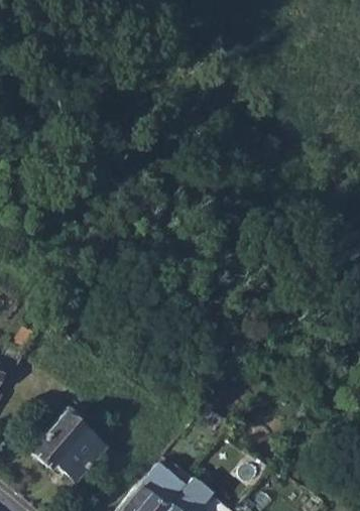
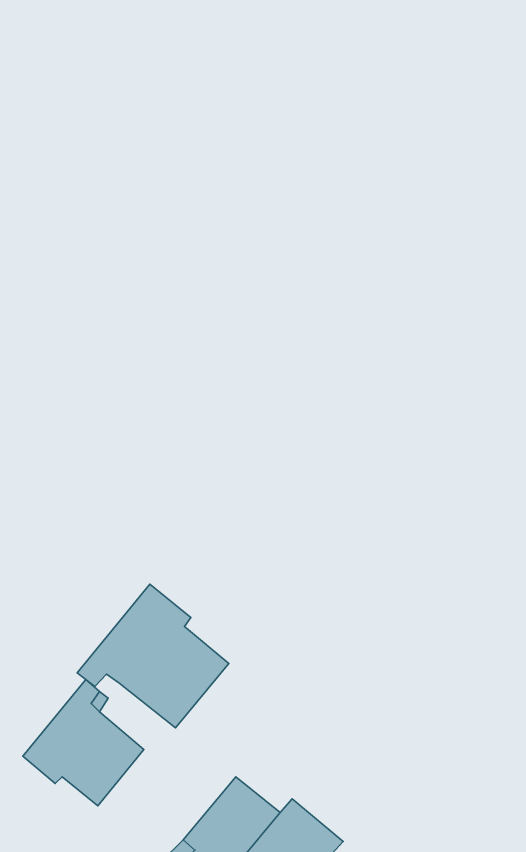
building: none -> [77,584,229,728]

